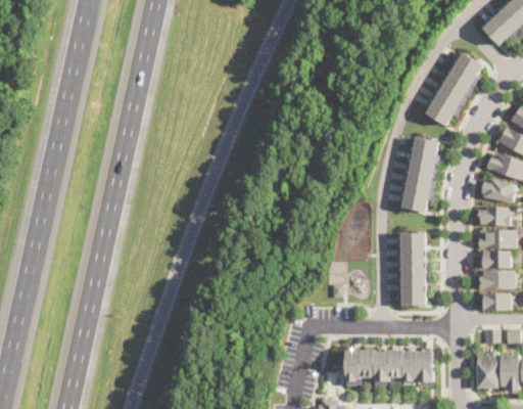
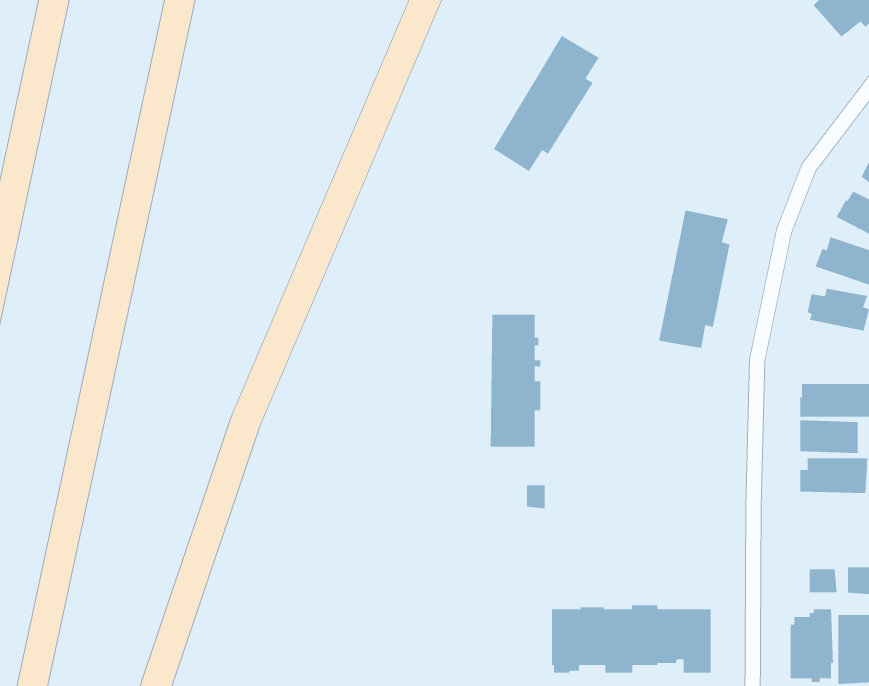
building: [428,52,485,126] -> [493,35,600,172]
building: [478,206,511,226] -> none
building: [401,233,429,305] -> [490,314,541,447]
building: [477,292,510,310] -> none

